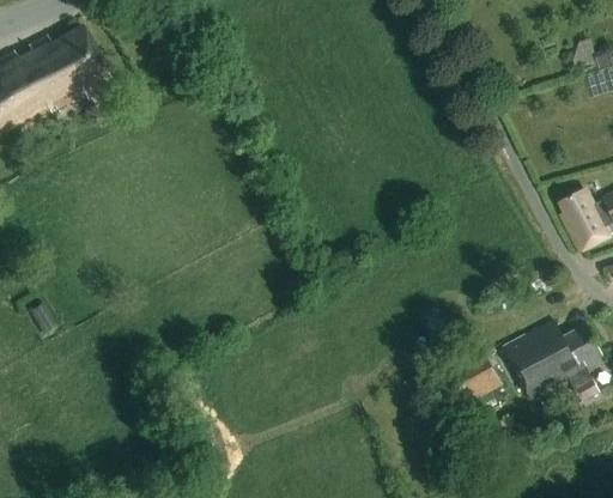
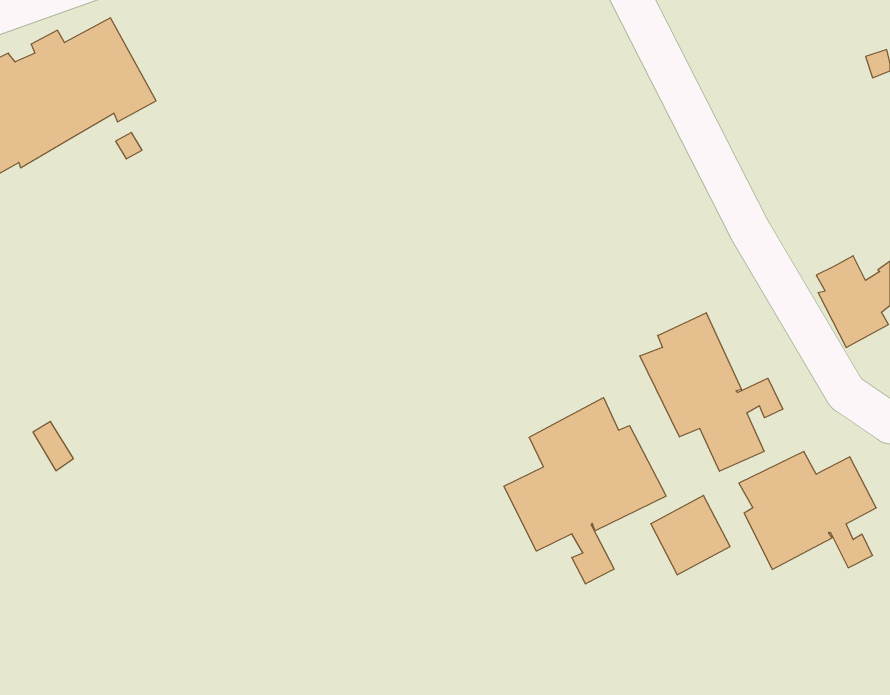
building: none -> [640,313,783,471]
building: none -> [504,398,666,584]

